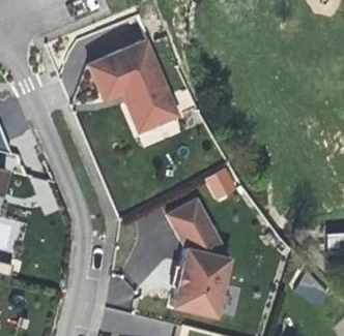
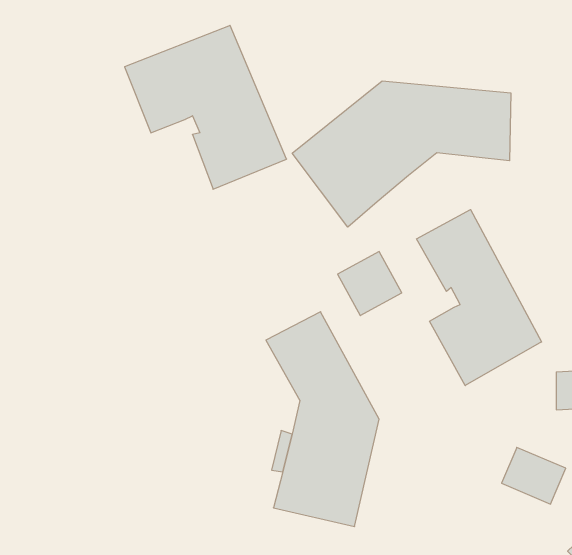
building: none -> [292,81,511,227]
building: none -> [417,210,542,386]

